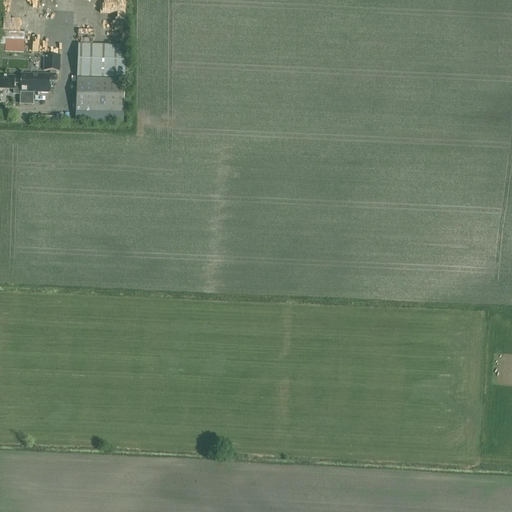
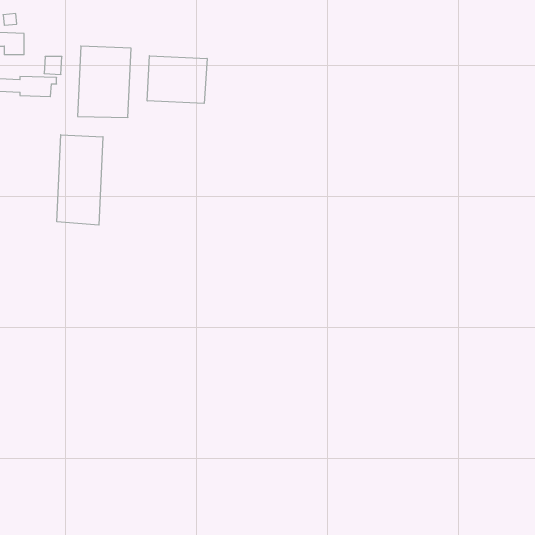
building: none -> [147,56,207,103]
building: none -> [57,135,103,225]

